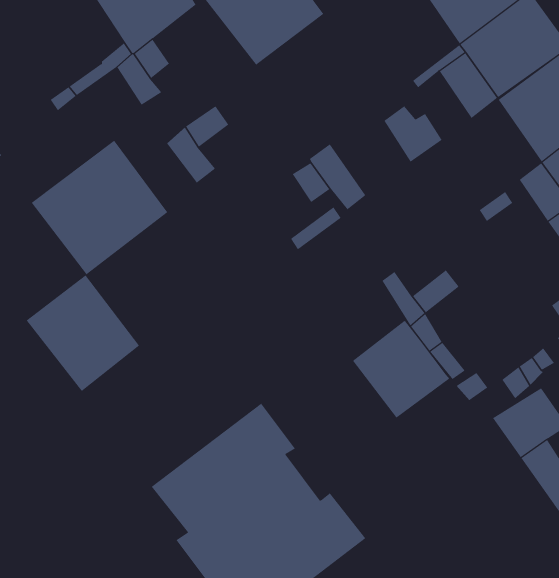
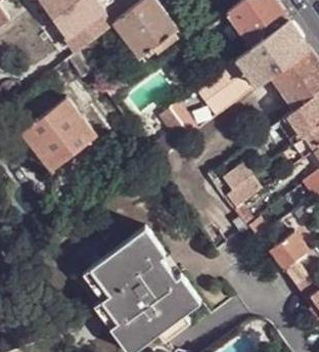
building: [26,275,140,392] -> none
building: [352,320,450,418] -> none

